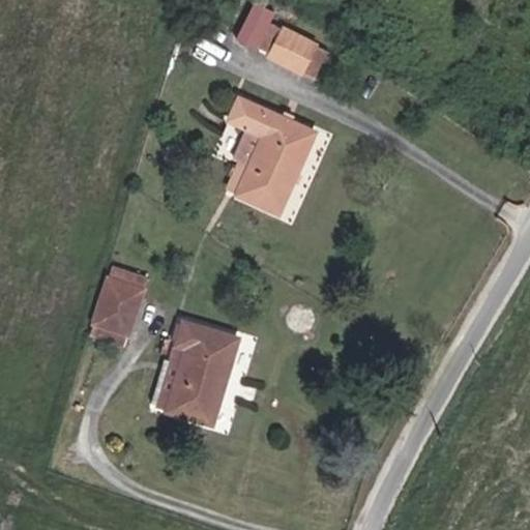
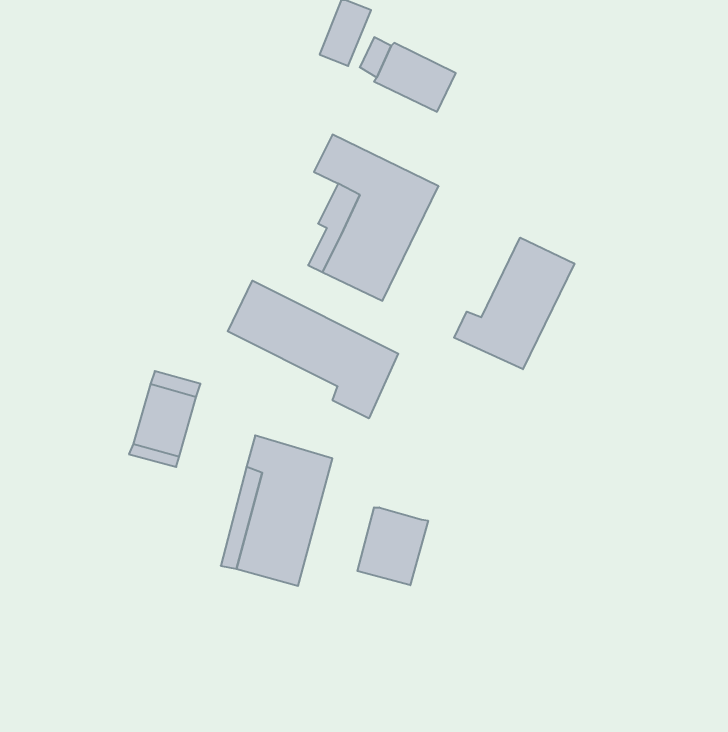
building: none -> [454,238,574,369]
building: none -> [228,281,398,418]
building: none -> [357,507,428,585]

